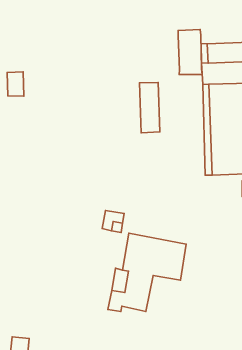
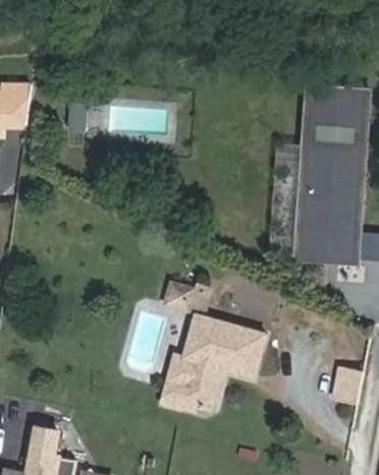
building: [178,30,202,75] -> none
building: [139,83,160,133] -> none

